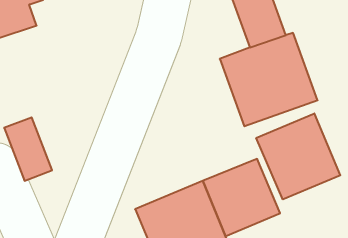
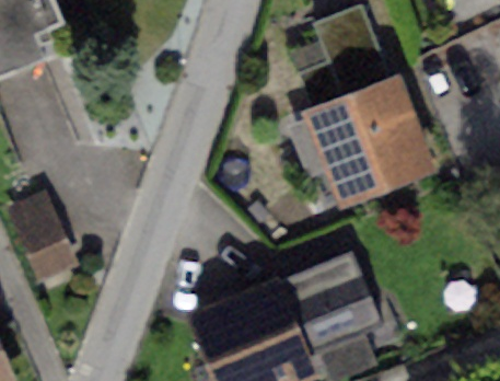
building: [256,113,340,199] -> none

